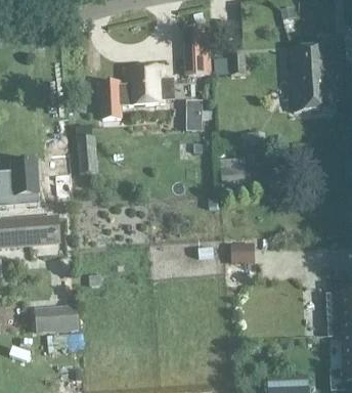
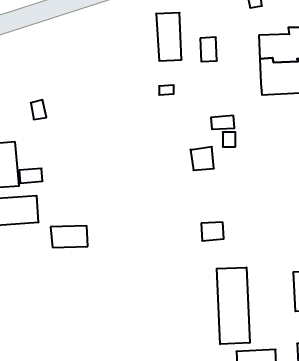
building: [99,66,173,119] -> none
building: [75,135,96,172] -> none
building: none -> [217,267,250,344]
building: [39,307,78,330] -> [51,226,88,247]

